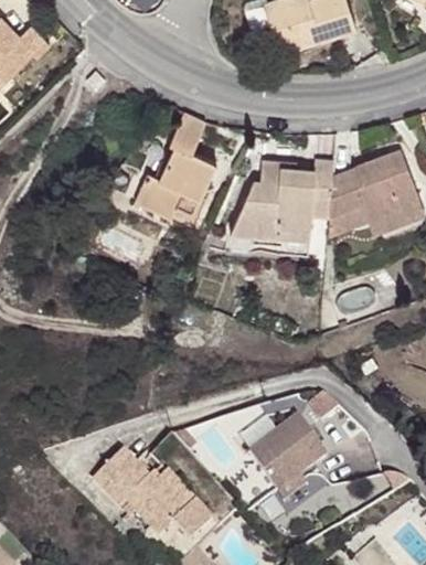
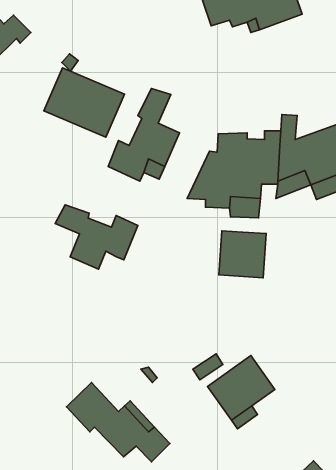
building: none -> [44,68,124,137]
building: none -> [55,205,138,269]
building: none -> [219,231,266,278]

